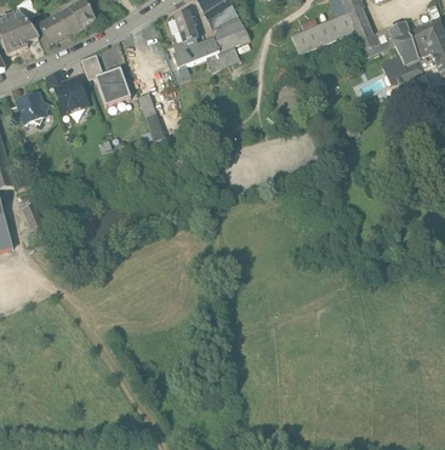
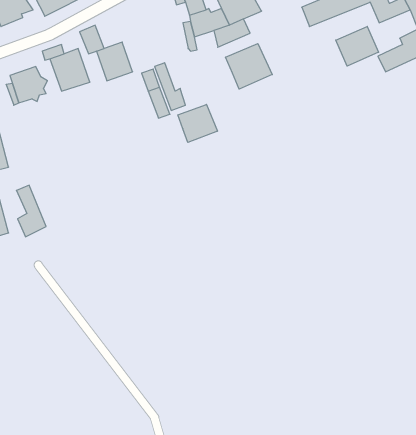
building: none -> [336,26,379,66]
building: none -> [226,44,272,89]
building: none -> [178,104,217,142]

